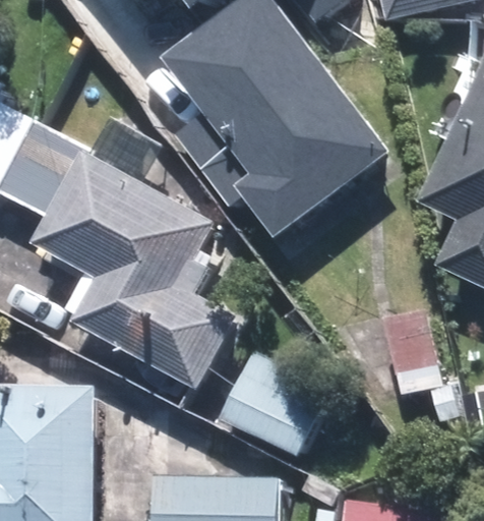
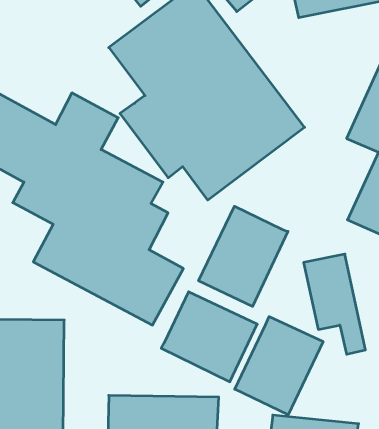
building: none -> [199,206,288,306]
building: none -> [235,317,323,415]

